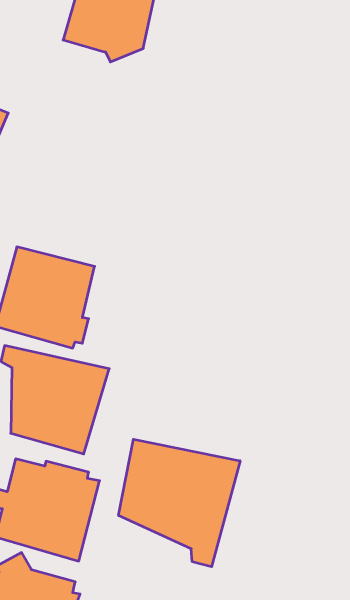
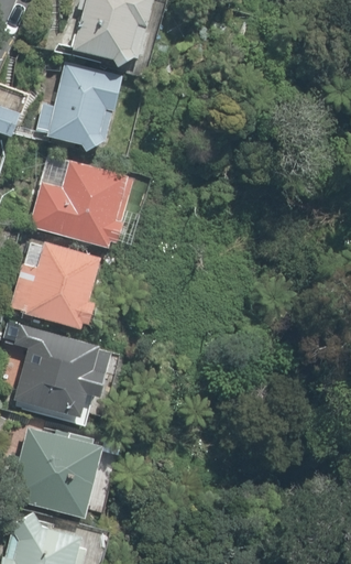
building: none -> [39,62,127,149]
building: none -> [29,161,139,246]
building: [119,439,240,567] -> none

